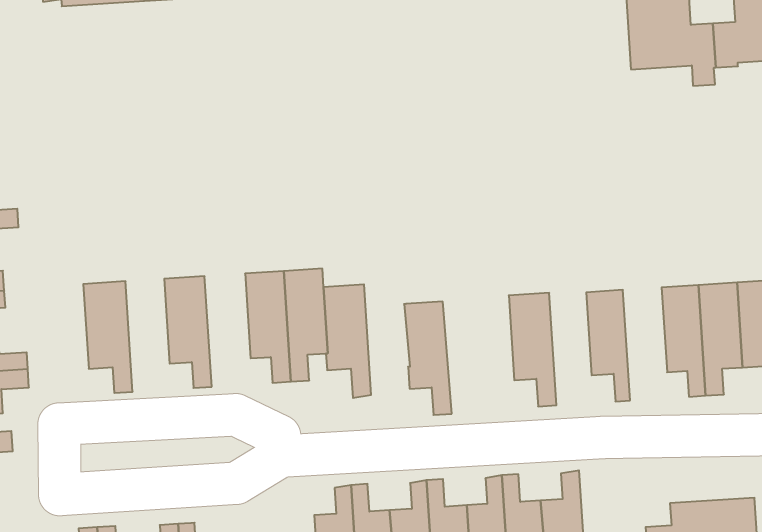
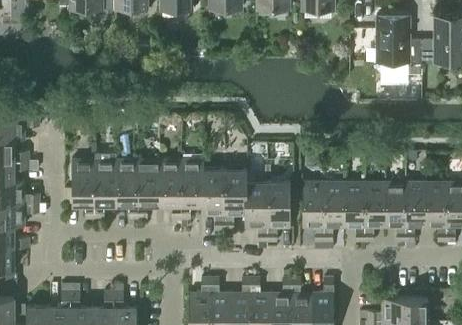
building: none -> [138,159,160,219]
building: none -> [95,159,116,219]
building: none -> [224,169,246,229]
building: none -> [364,181,385,241]
building: none -> [324,180,344,241]
building: none -> [266,181,290,242]

